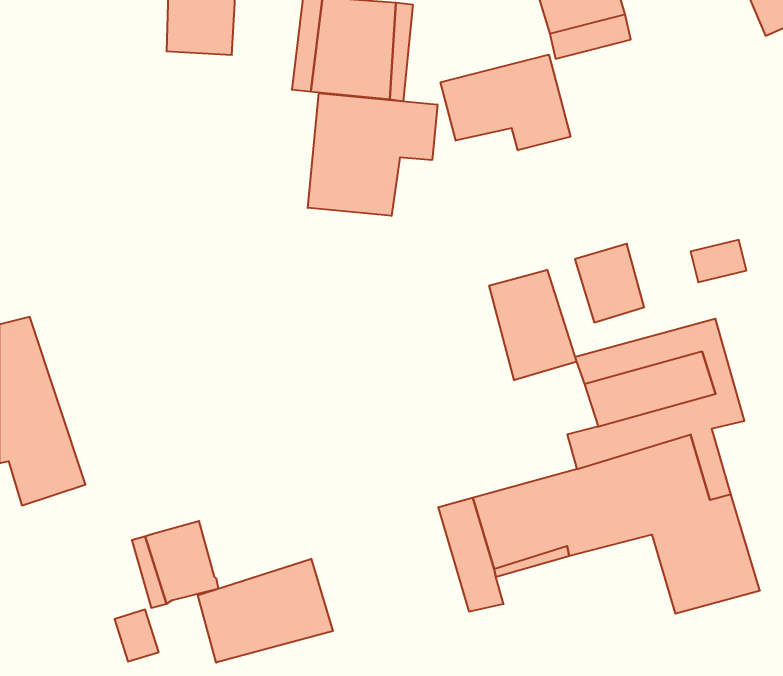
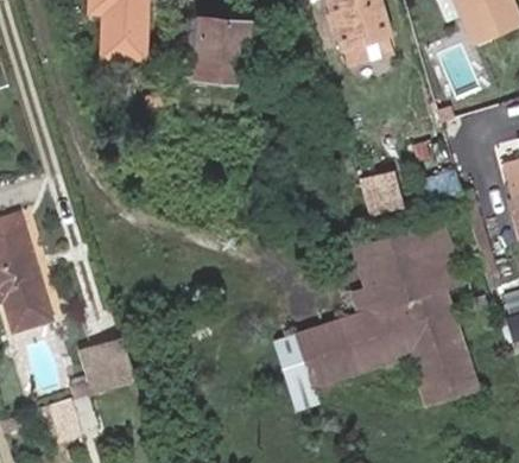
building: [441,55,570,150] -> none
building: [308,93,437,216] -> none
building: [489,270,576,380] -> none
building: [198,559,333,663] -> none

